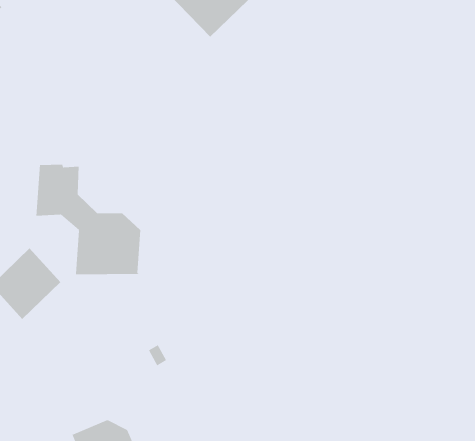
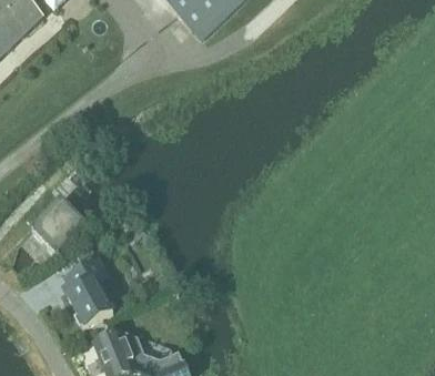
building: [36,164,141,275] -> none
building: none -> [68,258,113,324]

